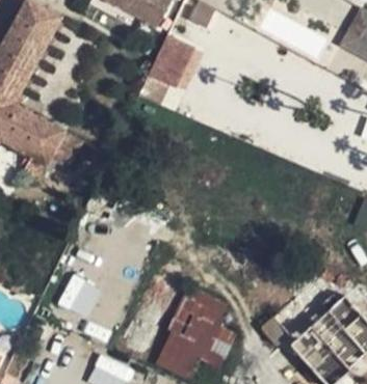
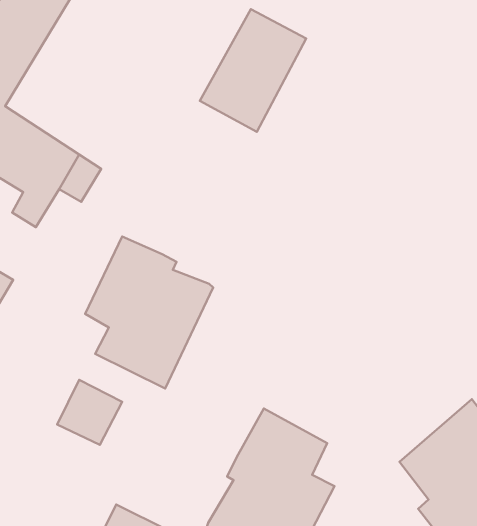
building: none -> [85,236,213,389]

